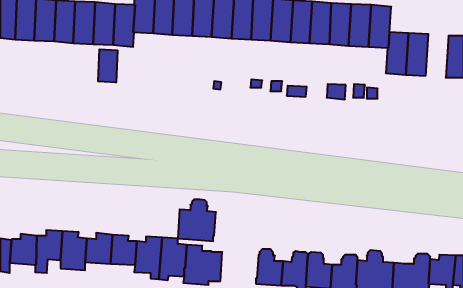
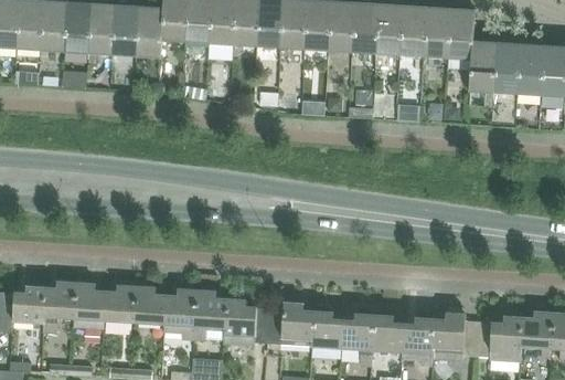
building: none -> [518,43,545,96]
building: [98,49,117,83] -> none
building: [178,199,216,241] -> [268,296,315,347]

